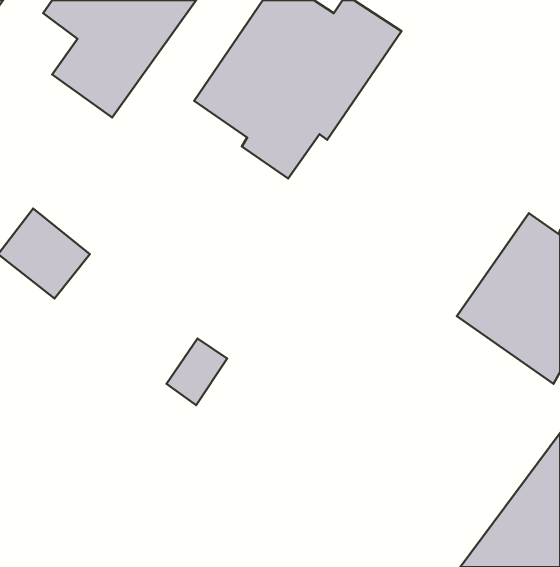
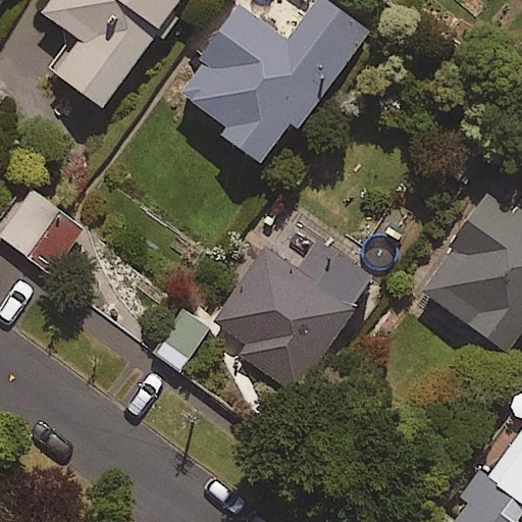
building: none -> [213,237,381,397]

